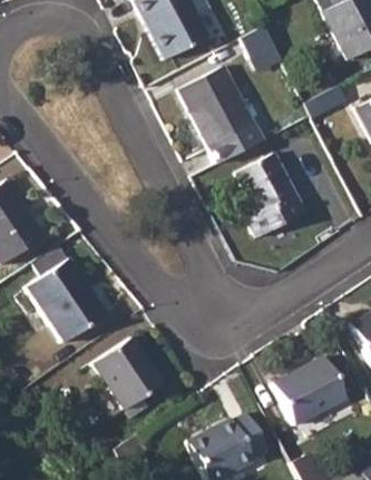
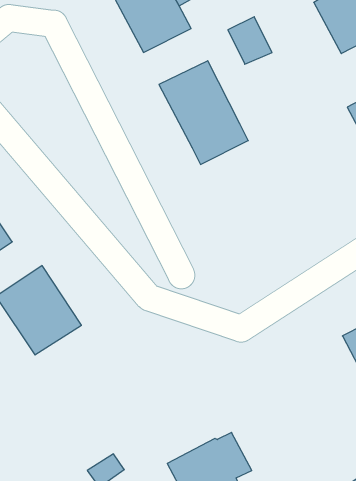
building: [237,153,306,238] -> none
building: [92,339,163,410] -> none
building: [273,359,345,424] -> none

